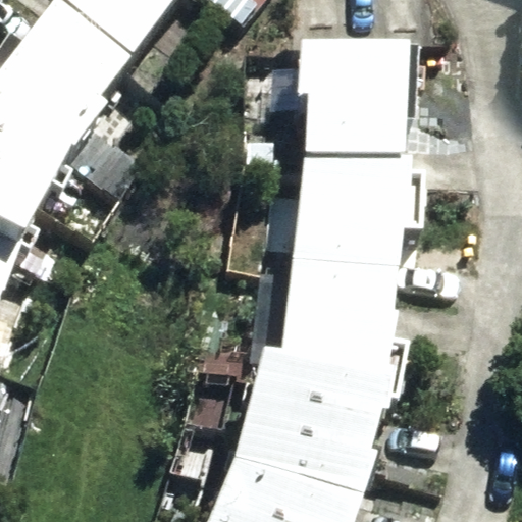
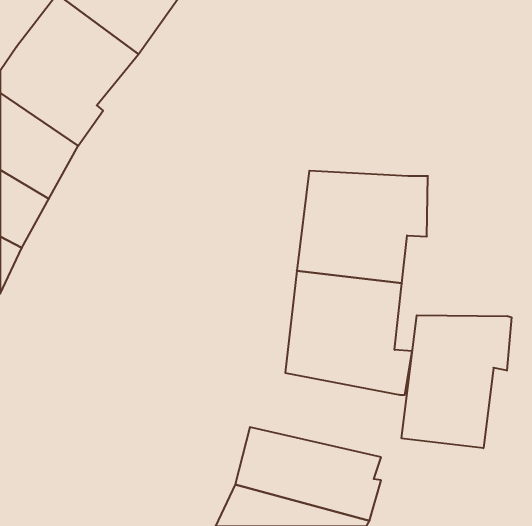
building: [299,45,417,172] -> none
building: none -> [402,315,512,448]
building: [245,361,392,448] -> none

